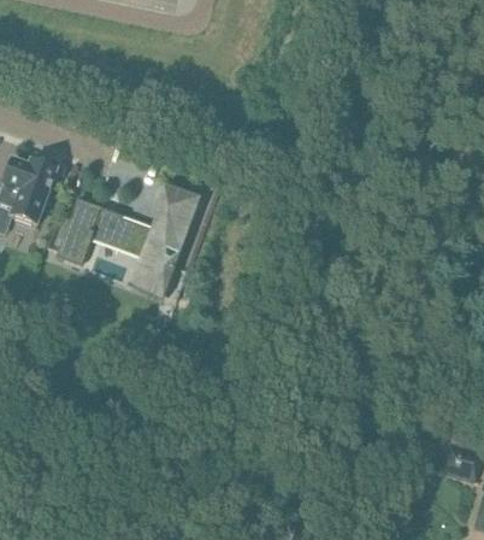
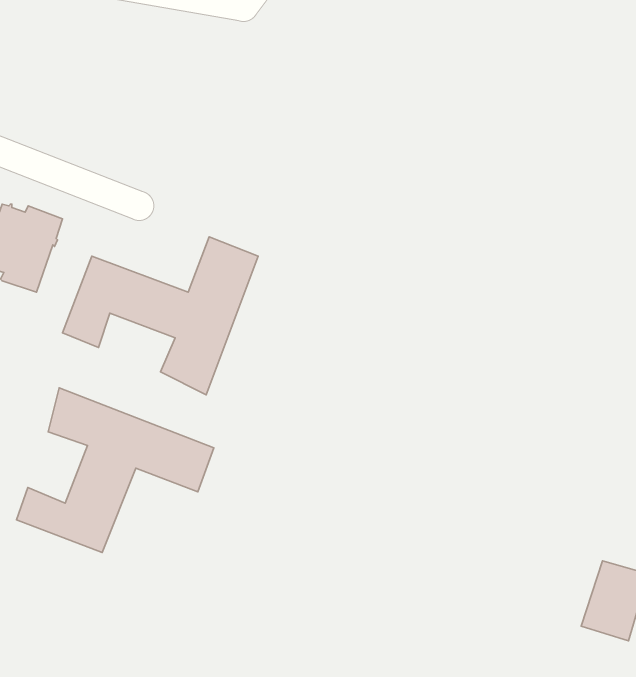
building: none -> [16,388,214,553]

